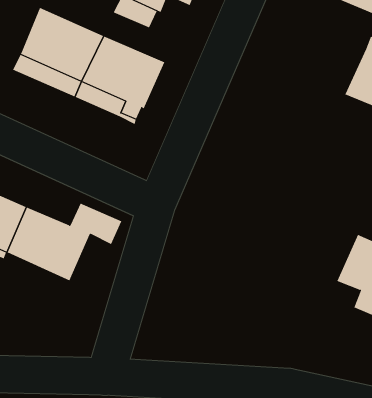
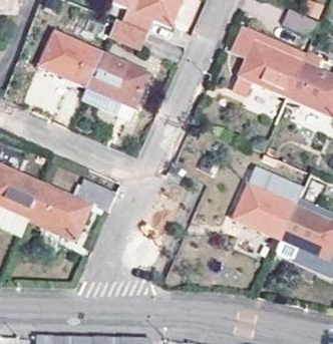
building: none -> [232,26,302,94]
building: none -> [232,181,296,238]

